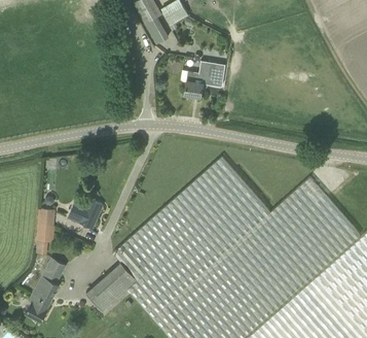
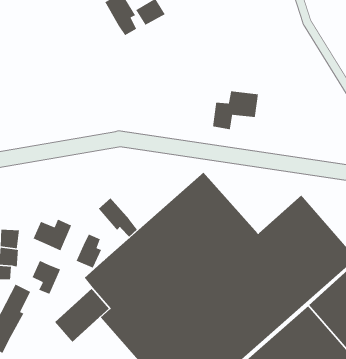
building: [184,61,226,97] -> [212,90,259,130]
building: none -> [98,198,138,238]
building: none -> [76,234,102,269]
building: none -> [32,260,61,295]

